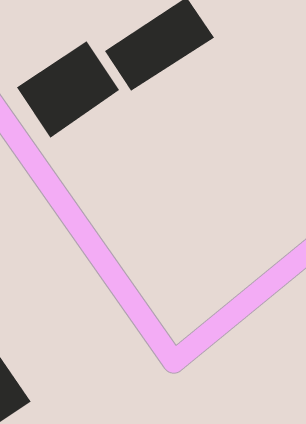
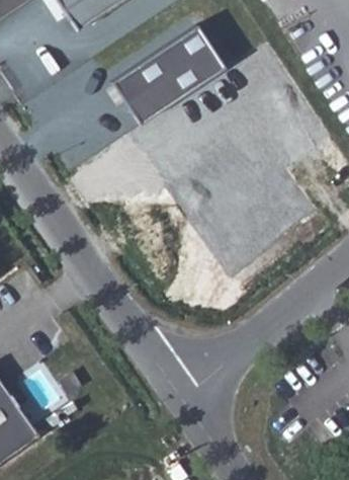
building: [16,40,120,139] -> none

